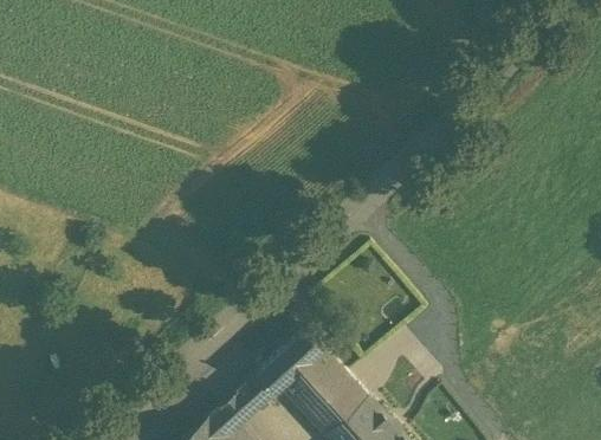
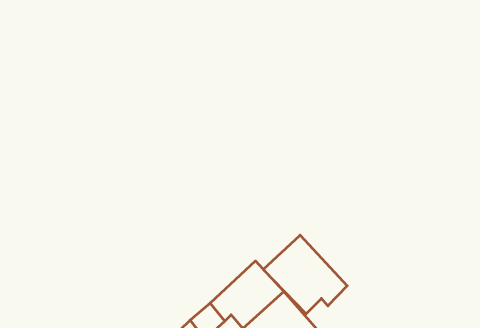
building: none -> [263,235,347,314]

